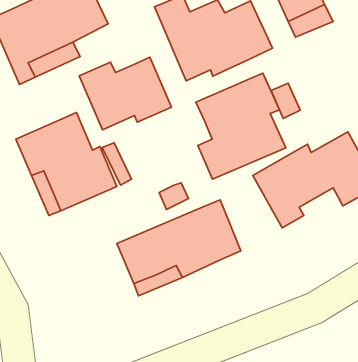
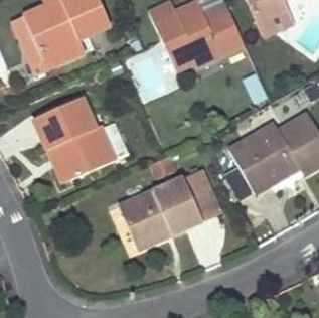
building: [79,57,172,130] -> none
building: [196,73,286,179] -> none

